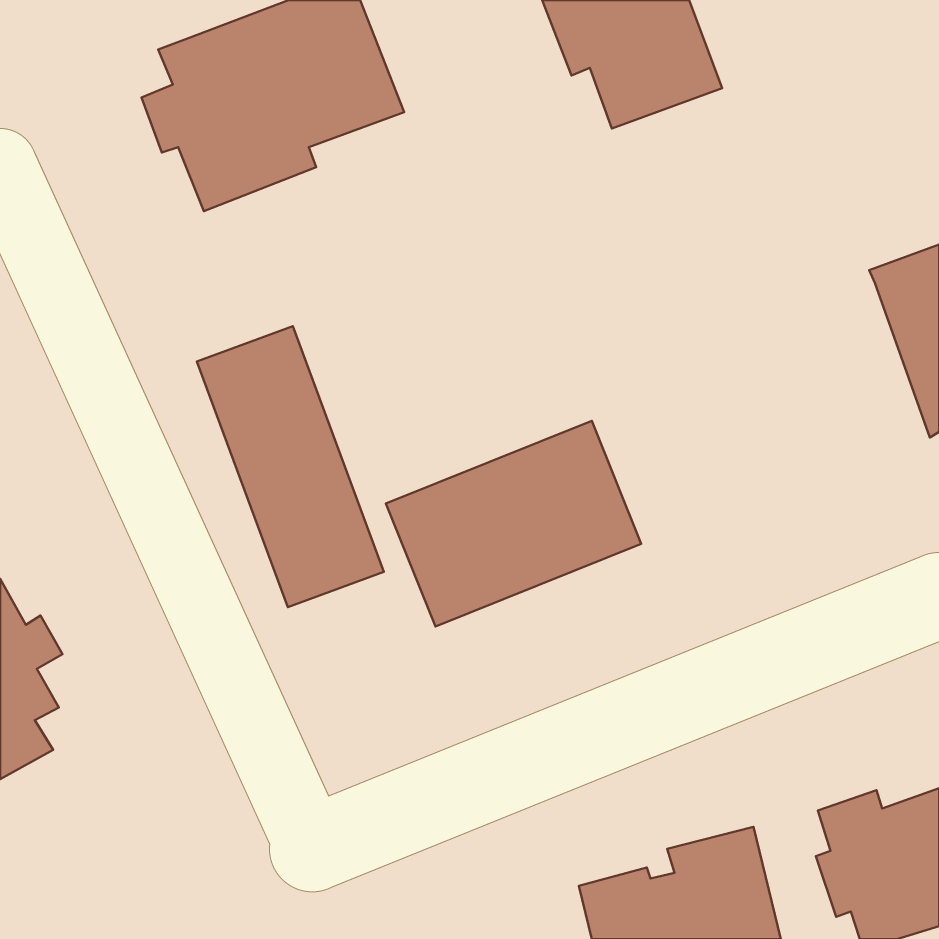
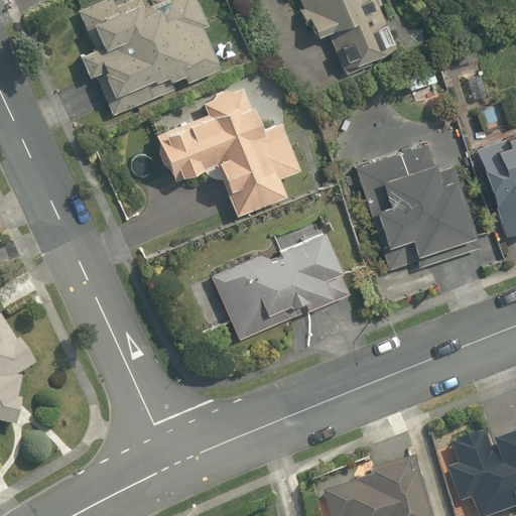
building: none -> [155,82,300,217]
building: none -> [347,134,486,274]
building: [197,326,384,607] -> none

